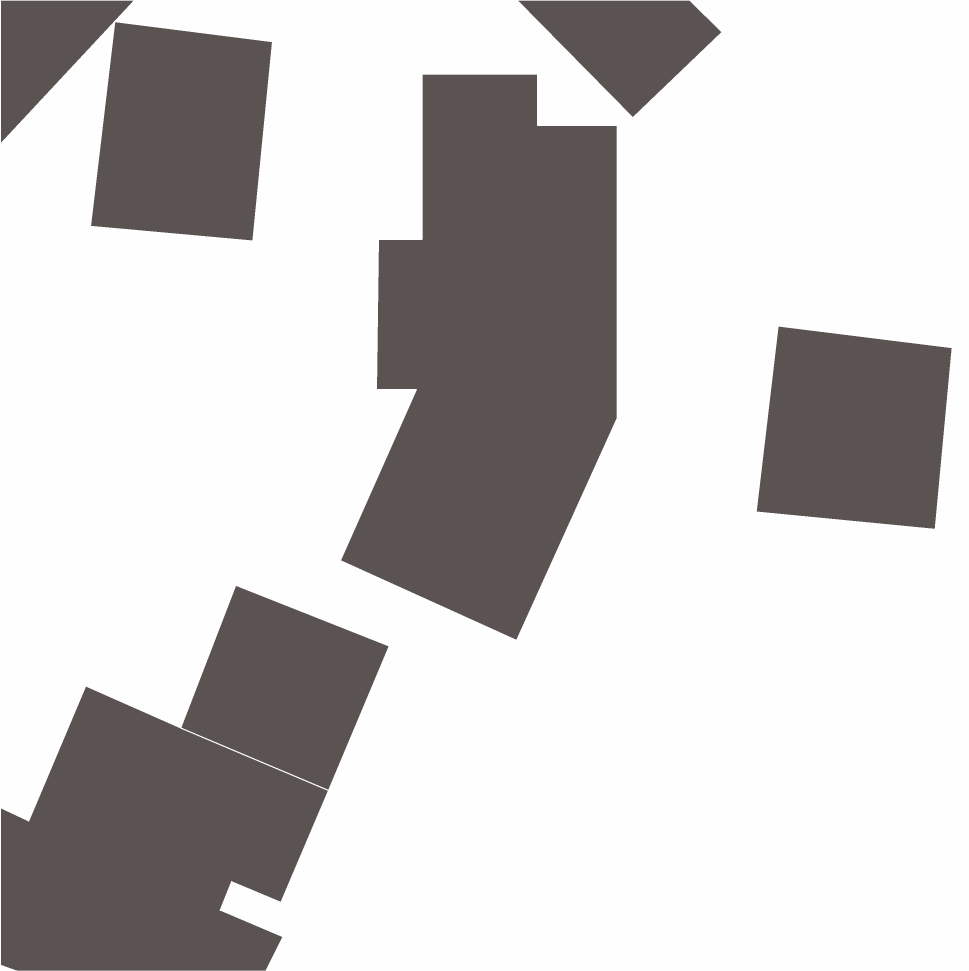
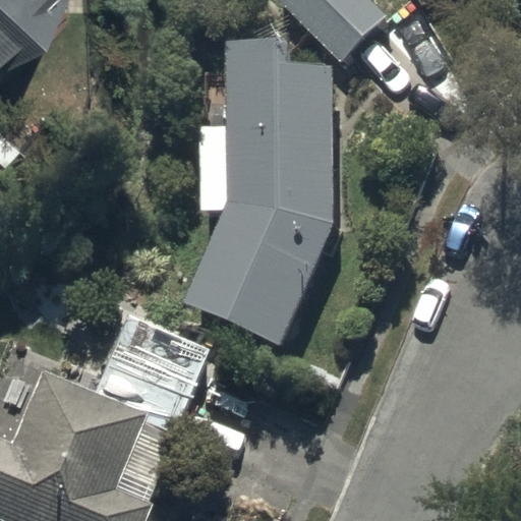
building: [91,21,273,241] -> none
building: [756,326,952,529] -> none

